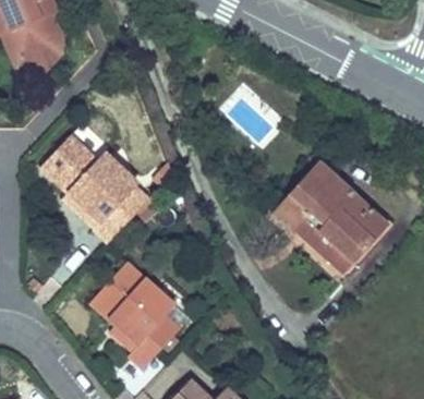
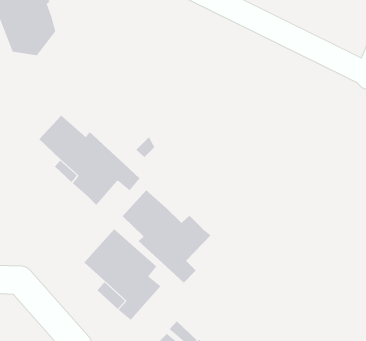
building: [272,169,389,271] -> none
building: none -> [122,190,211,283]

